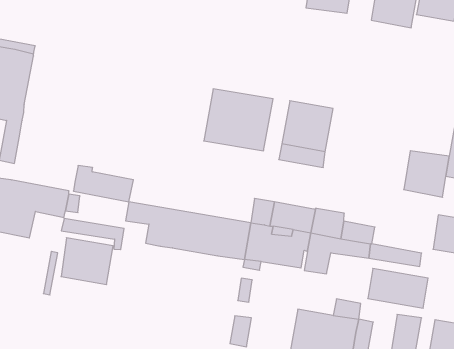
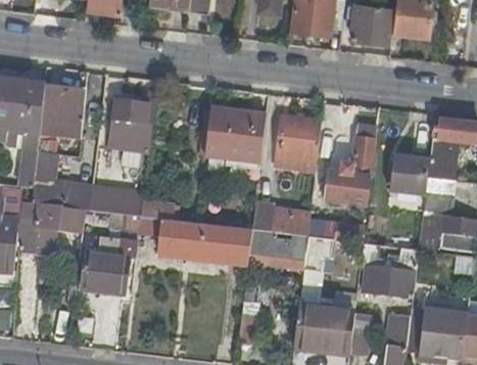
building: none -> [39,88,87,140]
building: none -> [108,92,155,149]
building: none -> [324,127,375,206]
building: none -> [31,147,91,210]

